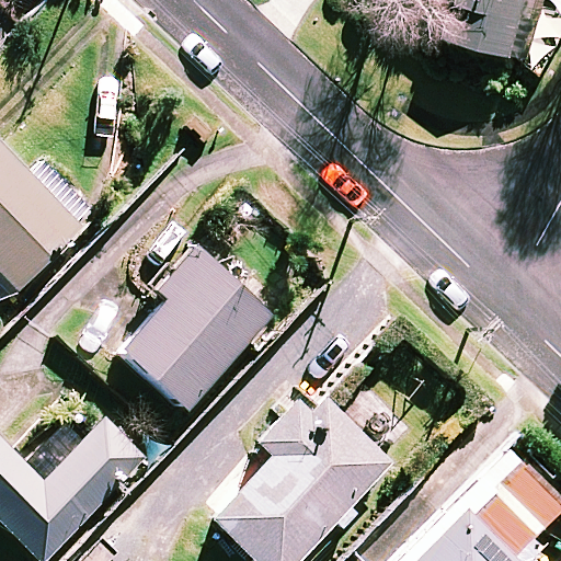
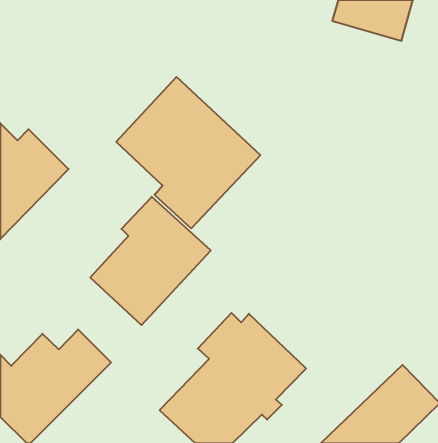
building: none -> [116,77,260,228]

